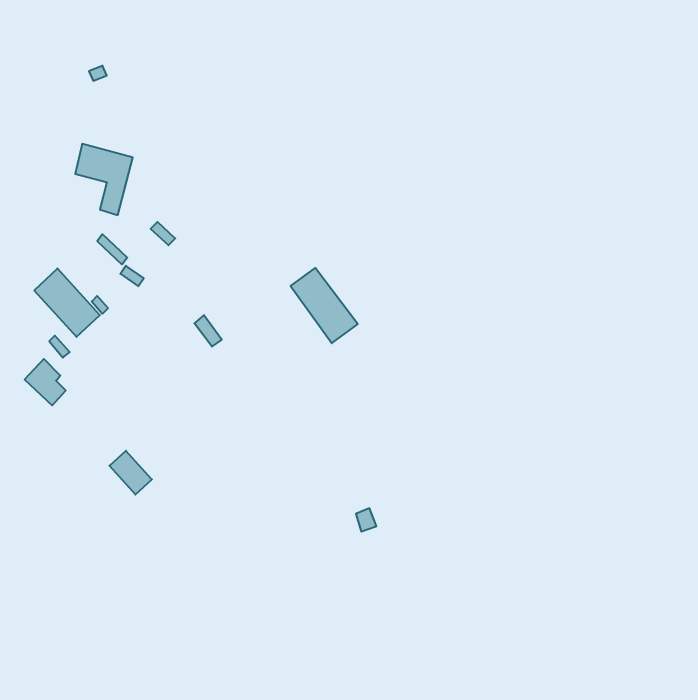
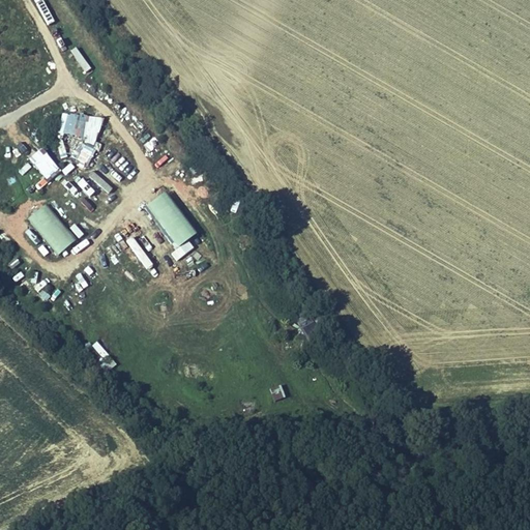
building: none -> [29,147,62,181]
building: [291,268,358,343] -> [146,190,197,247]

